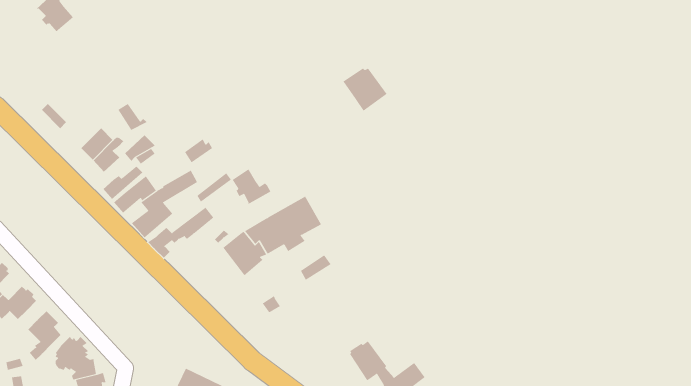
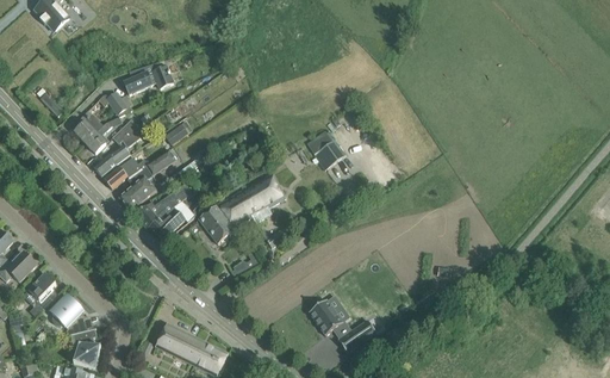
building: [343,68,388,111] -> [306,131,346,169]
building: none -> [123,63,173,94]
building: [232,169,271,205] -> none
building: none -> [147,206,185,236]

